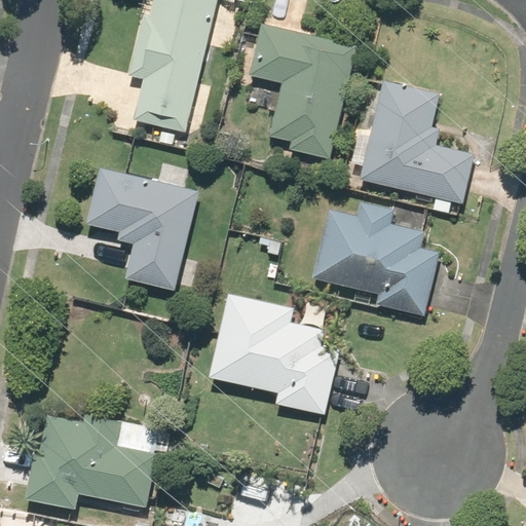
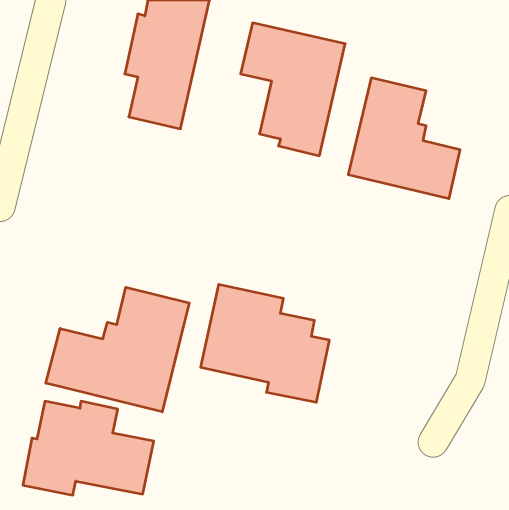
building: [86,167,199,292] -> none
building: [311,201,440,316] -> none
building: none -> [46,287,189,412]

